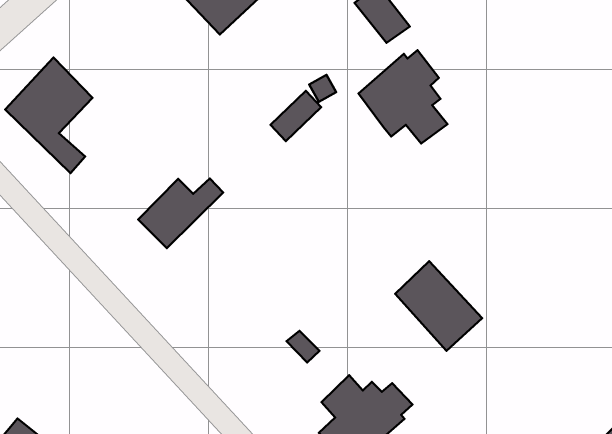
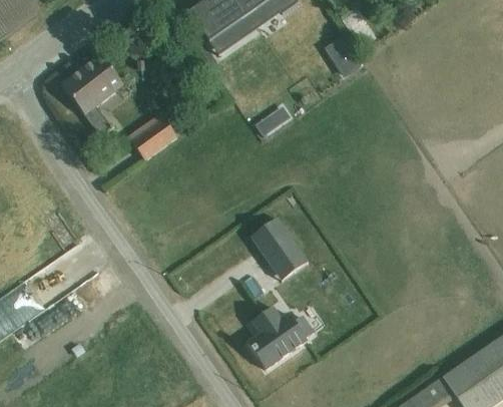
building: [358,50,447,144] -> none
building: [138,179,223,248] -> [127,113,189,160]
building: [395,261,482,351] -> [250,217,309,281]

